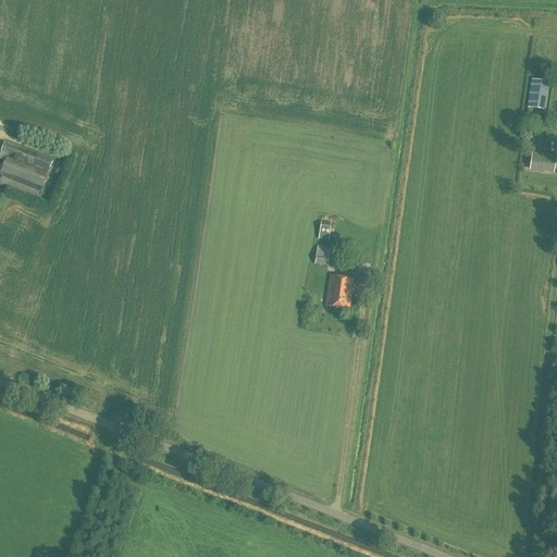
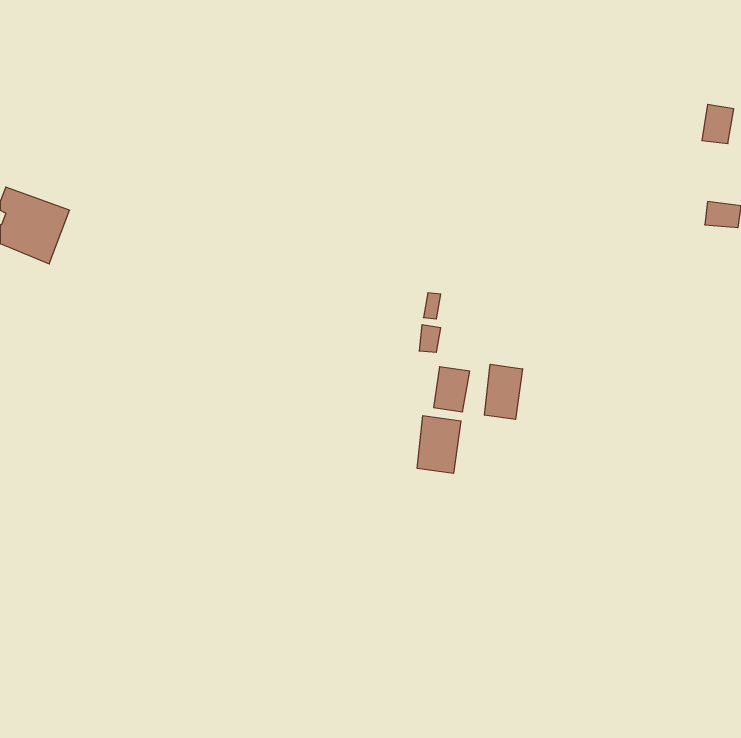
building: none -> [485,364,523,419]
building: none -> [417,416,461,473]

